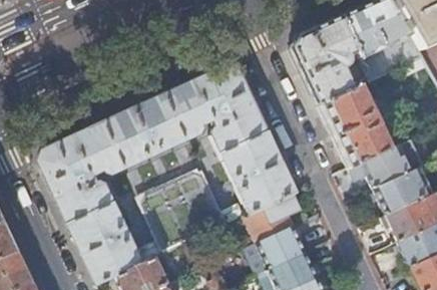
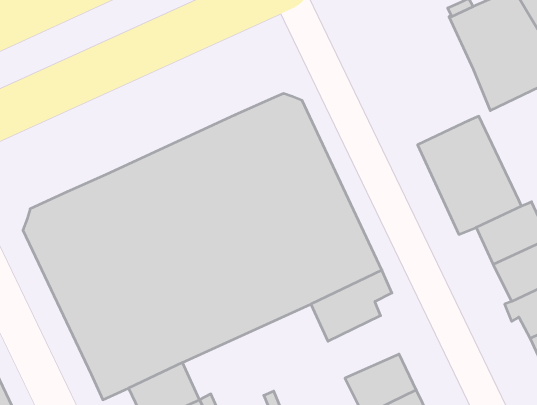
building: [293,14,358,104] -> none
building: [256,225,306,269] -> none

